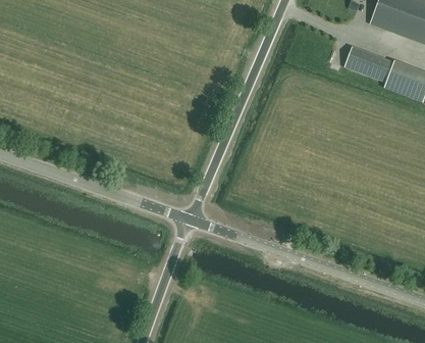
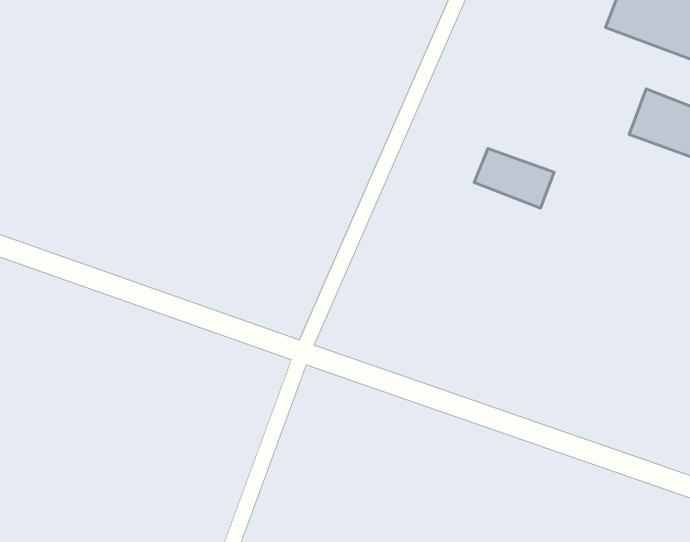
building: [343,46,391,82] -> [474,148,554,208]

